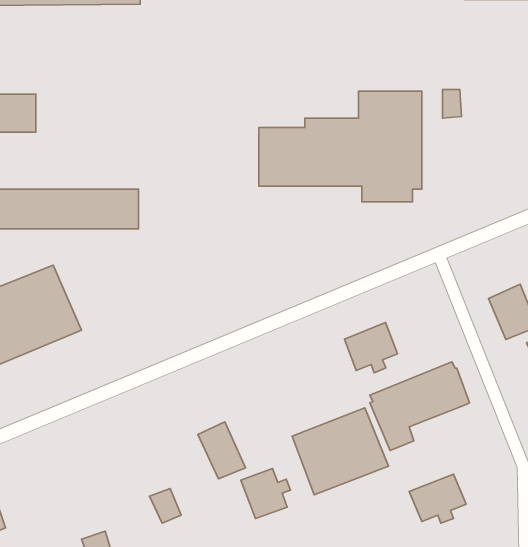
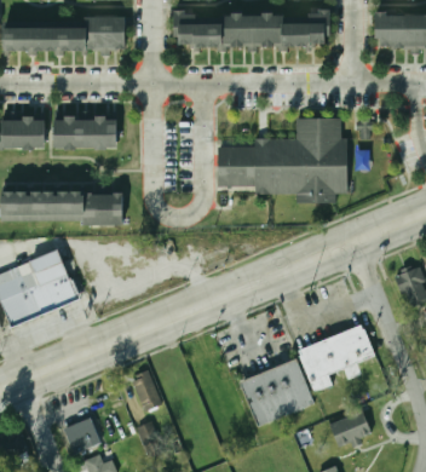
building: none -> [51,117,116,149]
building: [344,322,397,373] -> none
building: [198,422,245,479] -> [125,367,161,410]
building: [241,469,290,518] -> none
building: none -> [59,416,98,454]

